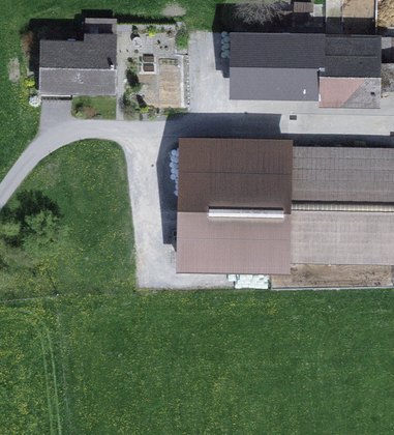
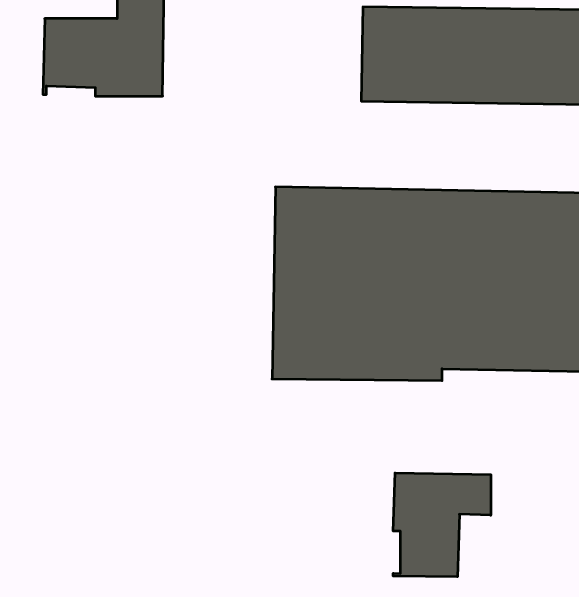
building: none -> [393,473,491,577]

